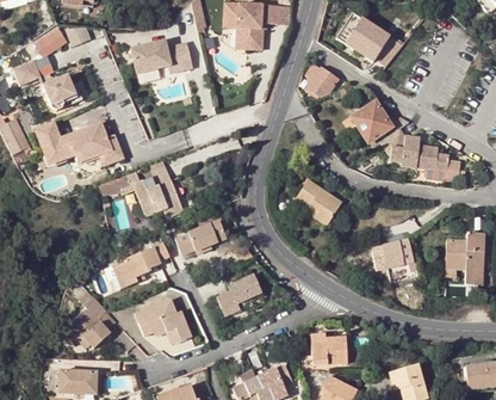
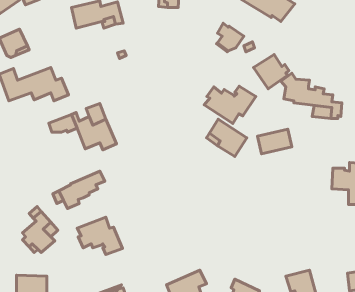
building: none -> [204,86,256,123]
building: [175,221,227,256] -> none
building: [372,241,414,271] -> [258,129,292,154]
building: [216,276,264,316] -> none
building: [310,337,348,367] -> none

